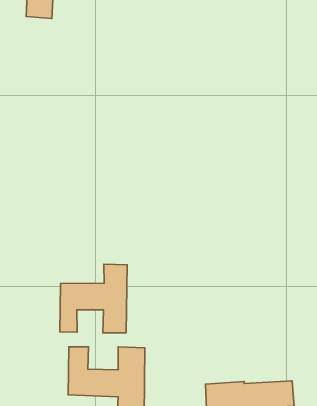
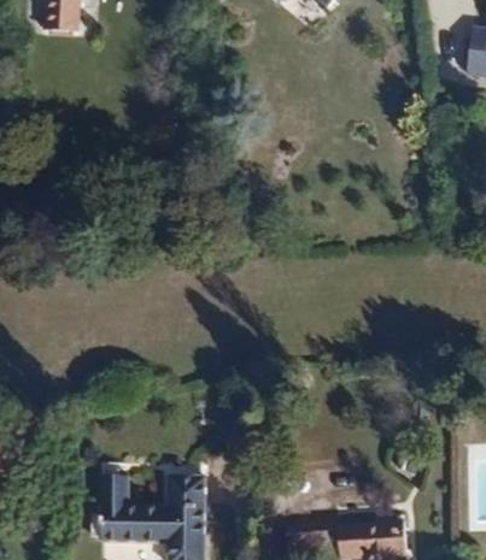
building: [60,264,127,333] -> none

